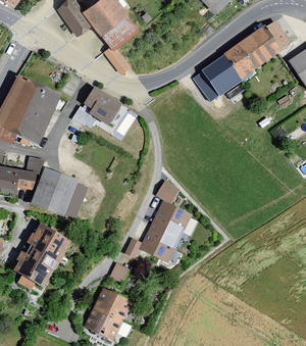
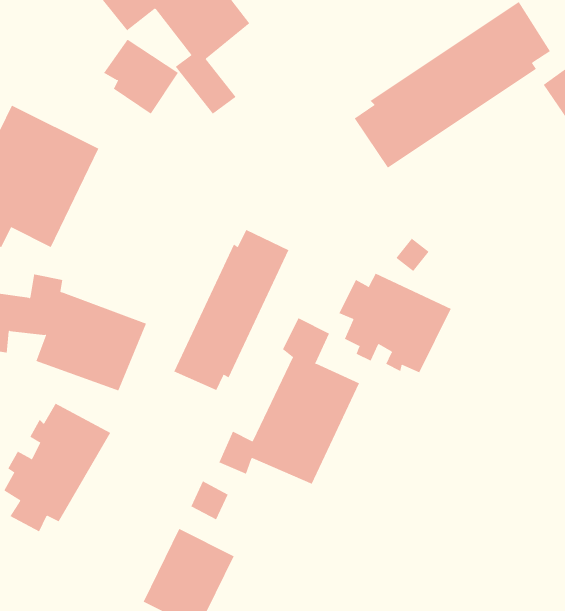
building: [83,87,121,126] -> [103,39,179,115]
building: none -> [173,229,289,391]
building: none -> [339,273,452,373]

